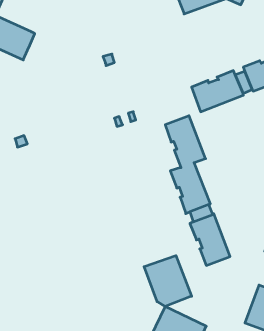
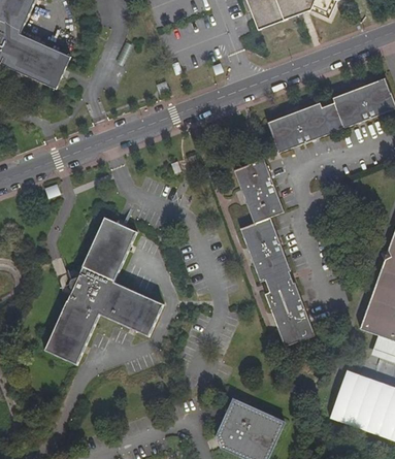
building: none -> [43,217,162,364]
building: [144,256,192,307] -> none

